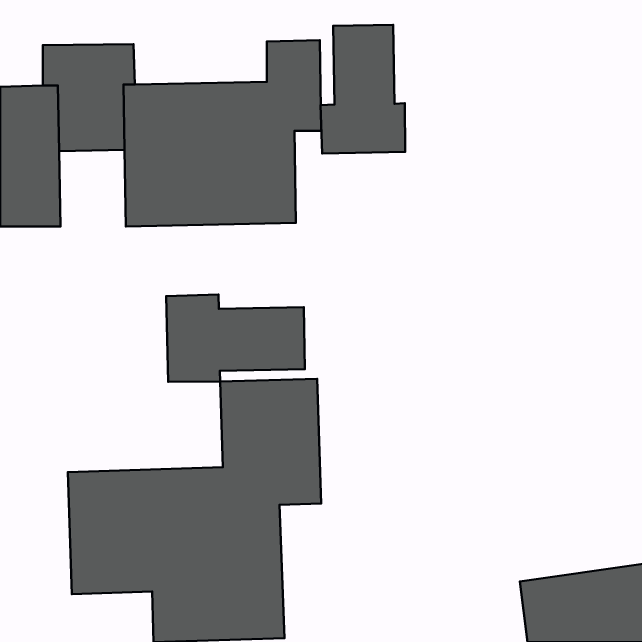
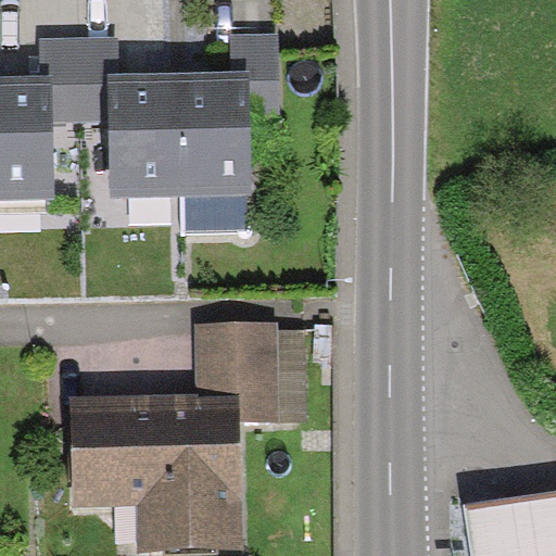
building: [321,25,405,154] -> none
building: [166,295,305,382] -> none

